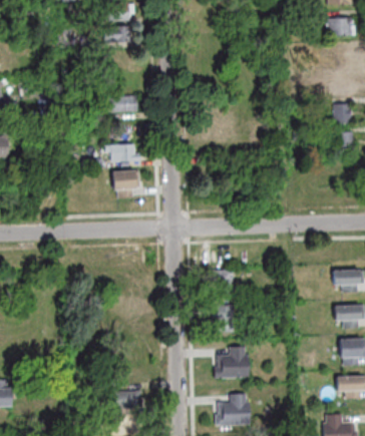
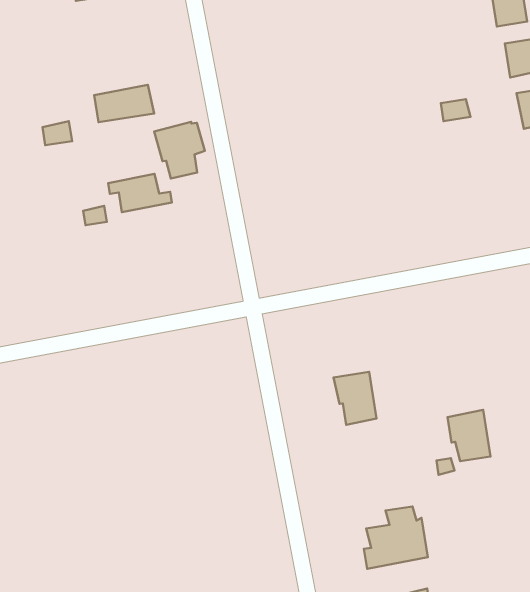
building: [113,170,139,199] -> [154,122,205,178]
building: [214,306,234,332] -> [448,410,491,461]

